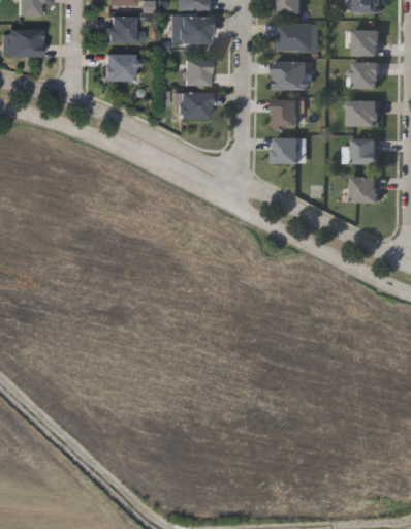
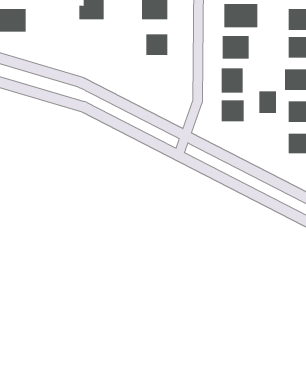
building: [104,53,134,81] -> none
building: [178,91,209,117] -> none
building: none -> [259,91,277,114]

